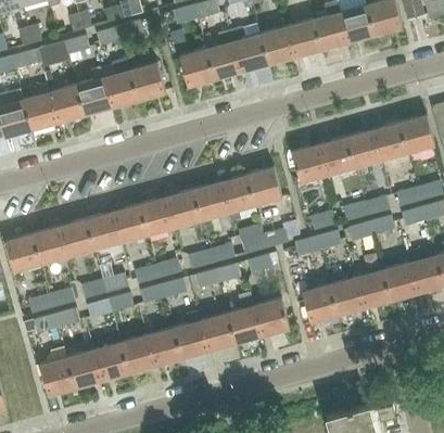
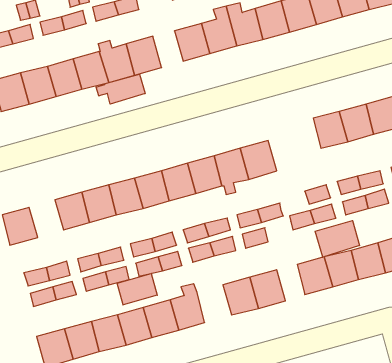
building: none -> [96,74,145,104]
building: [291,144,326,182] -> none
building: [31,227,66,265] -> none
building: none -> [315,221,360,257]
building: none -> [117,273,157,305]
building: [201,313,236,351] -> none

